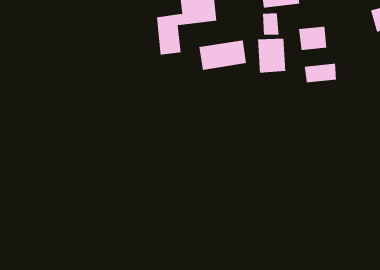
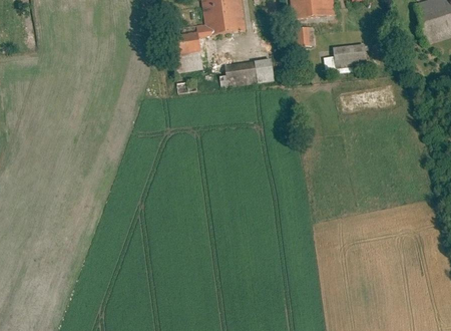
building: [257,38,286,73] -> none
building: [304,63,337,83] -> none

